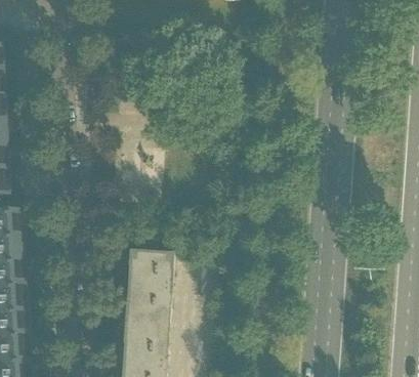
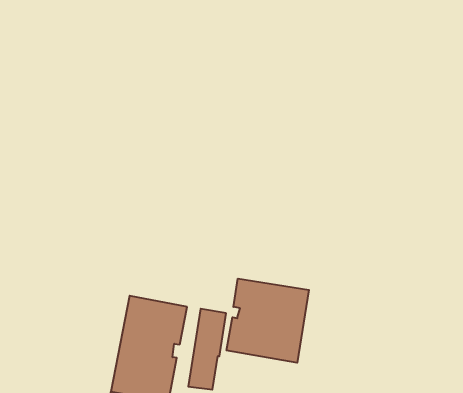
building: none -> [227,279,309,363]

